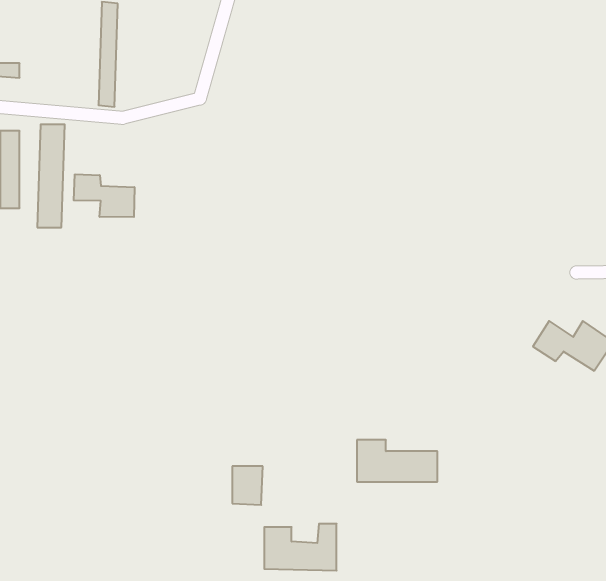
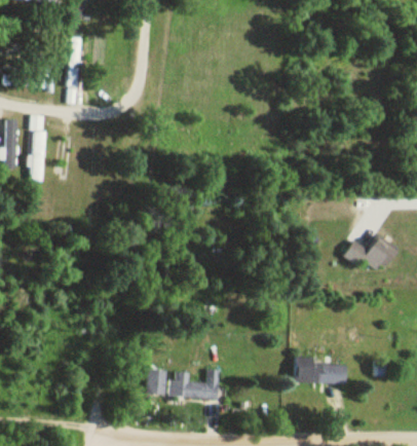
building: [74,174,134,217] -> none
building: [357,440,437,482] -> [296,357,347,383]
building: [232,466,263,505] -> [147,370,166,395]

